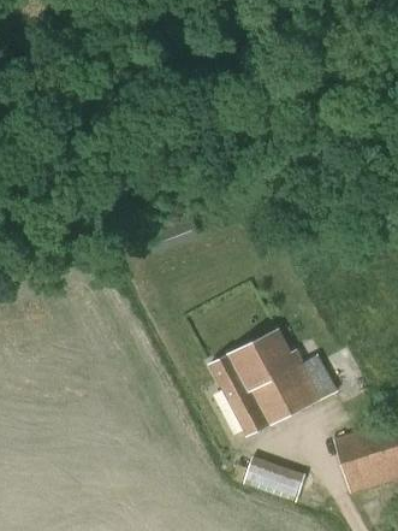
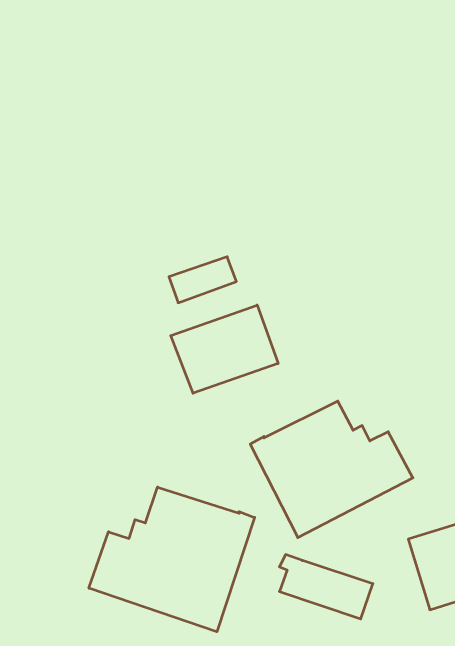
building: none -> [171,305,278,393]
building: none -> [89,487,255,632]

